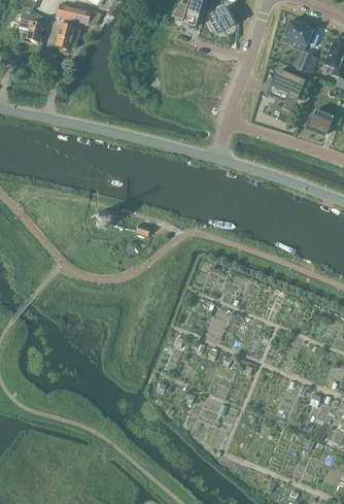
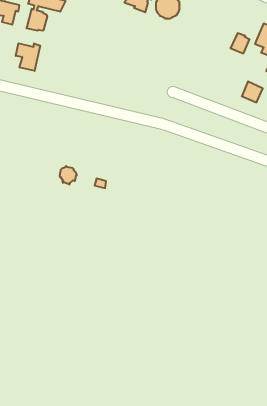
building: [282,21,312,45] -> none
building: none -> [16,43,40,71]
building: [269,70,305,103] -> none

